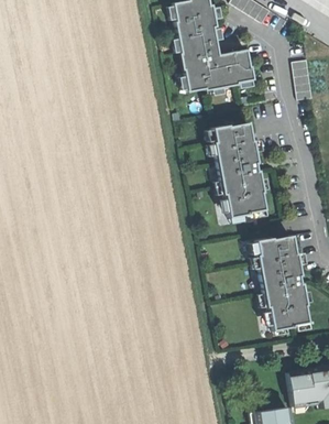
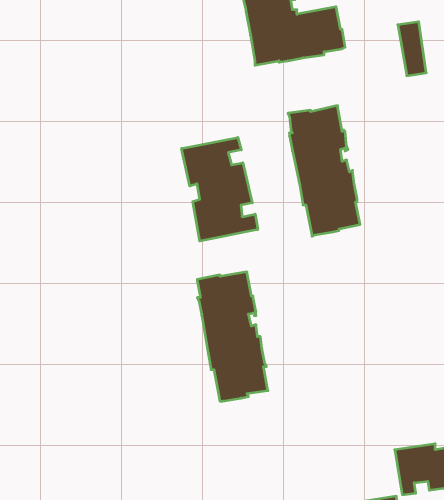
building: none -> [182,137,258,241]
building: [255,235,307,329] -> [197,272,268,401]

